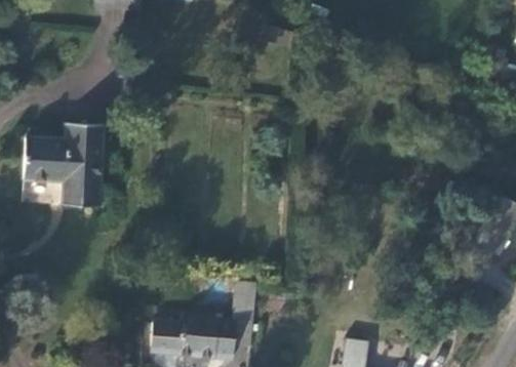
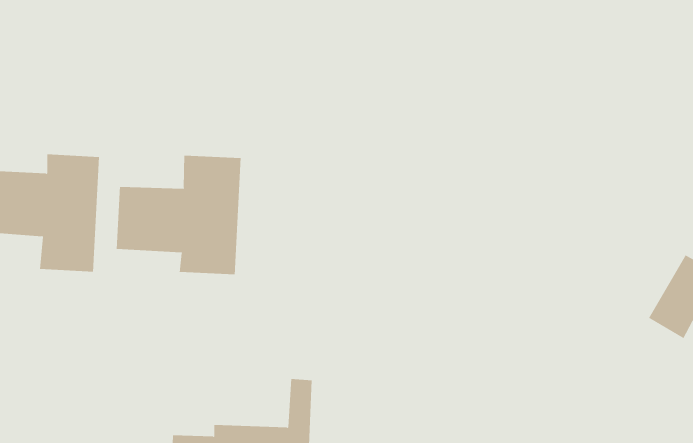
building: none -> [116,155,241,275]

